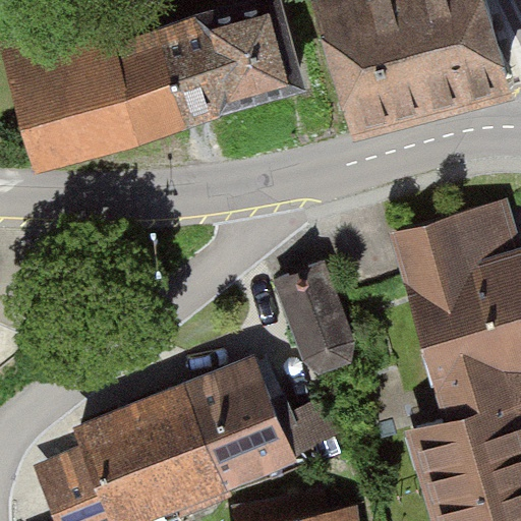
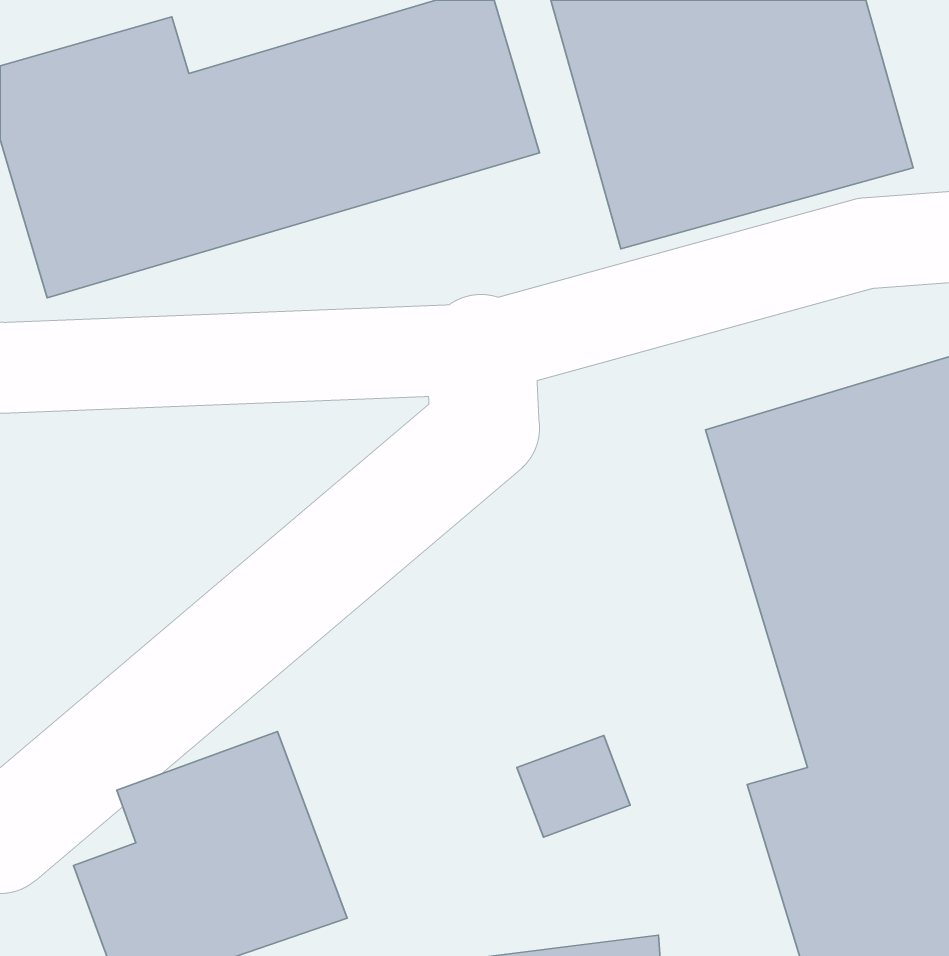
building: [285,254,365,364] -> none
building: [158,363,291,500] -> none

